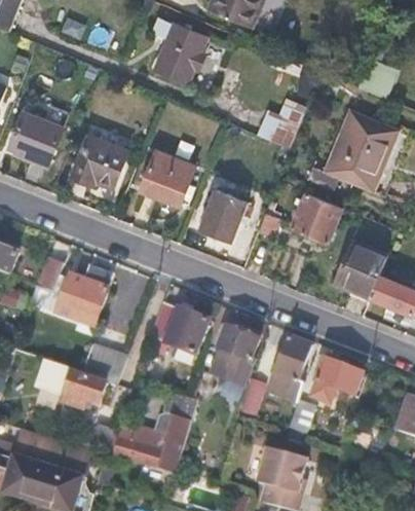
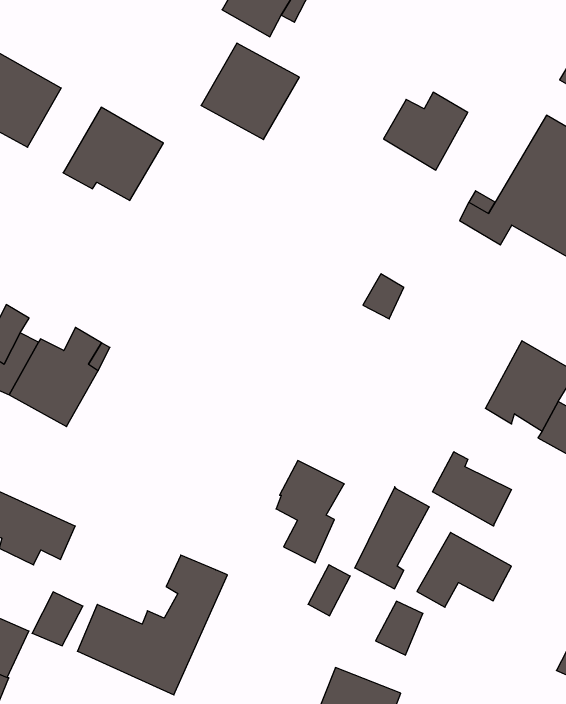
building: [140,151,195,206] -> [201,43,299,140]
building: [199,189,248,243] -> none
building: [292,193,341,243] -> none
building: [146,302,210,355] -> none
building: none -> [433,452,511,526]
building: [81,348,126,384] -> none

